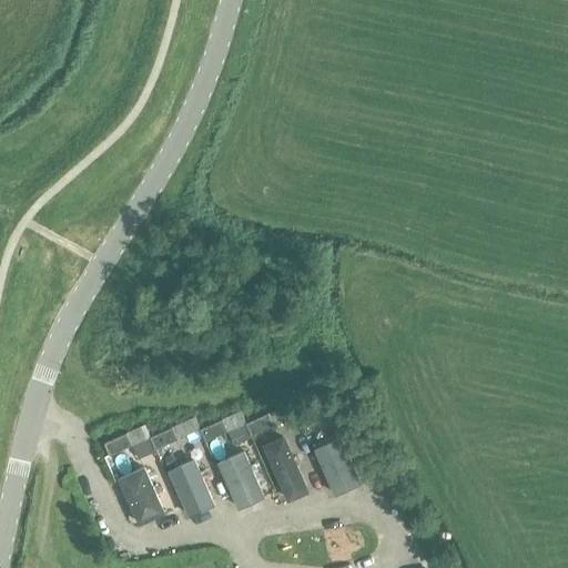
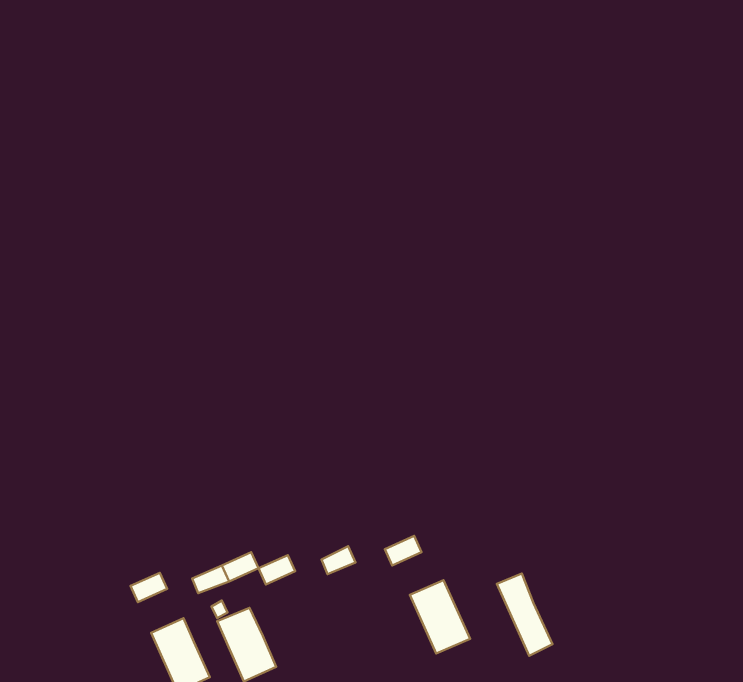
building: [264,438,306,500] -> [497,574,553,656]
building: [217,453,263,508] -> none

